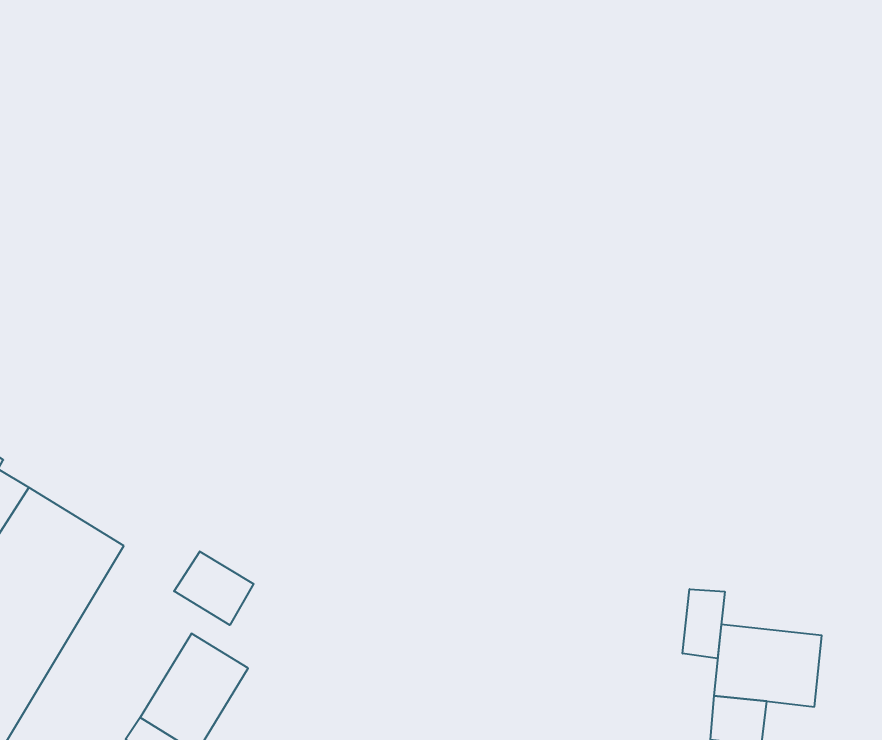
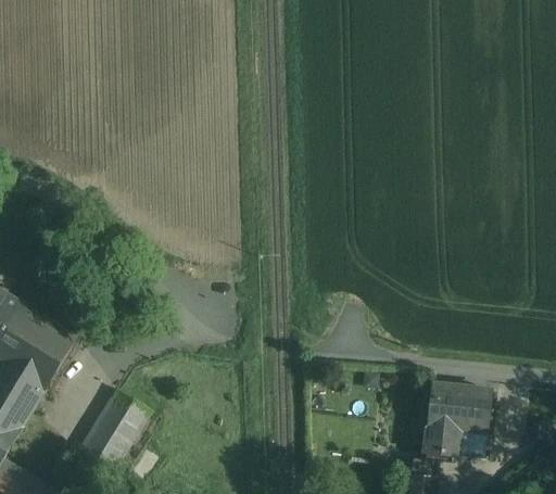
building: [174,551,254,625] -> none
building: [683,589,725,659] -> none

